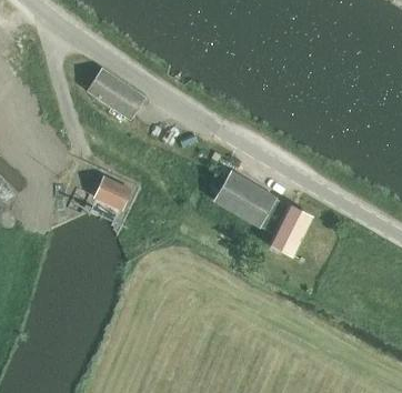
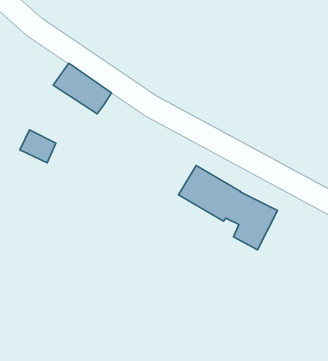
building: [94,177,131,210] -> [20,130,56,163]

